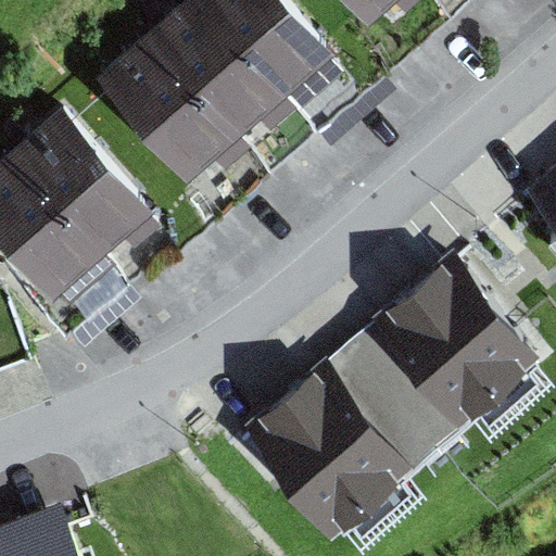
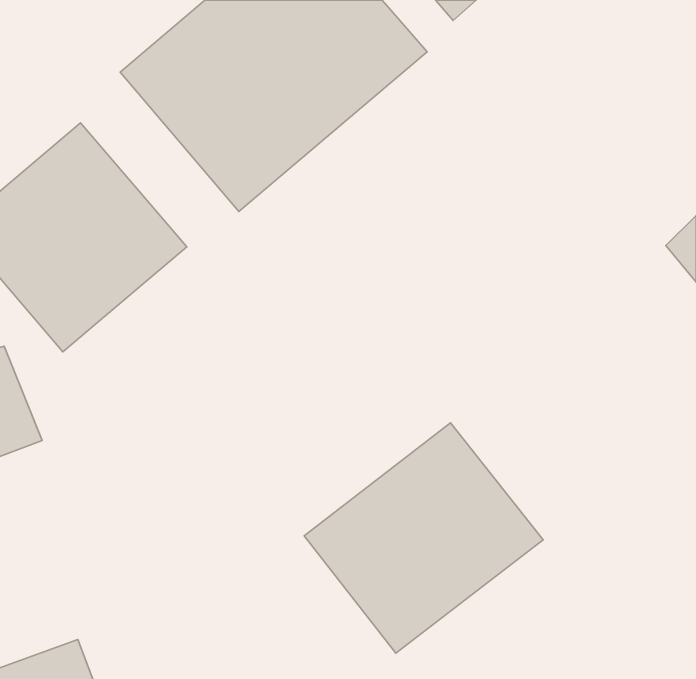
building: [358,267,532,444] -> none

